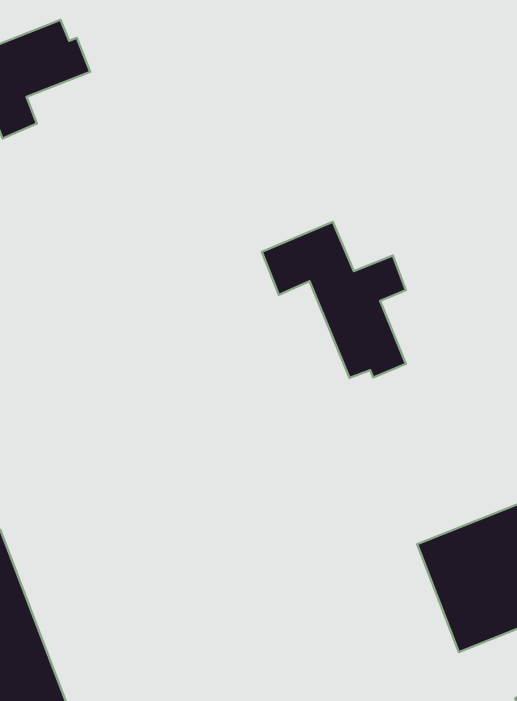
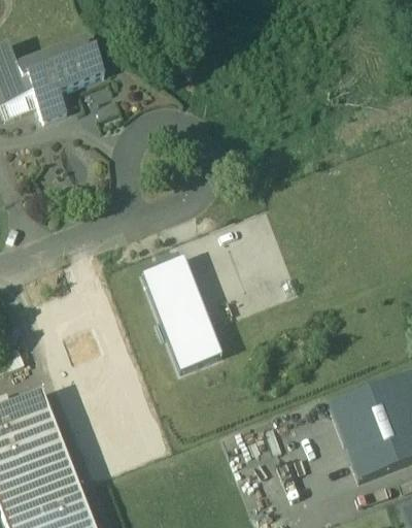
building: [262,222,406,378] -> none
building: none -> [140,255,221,368]

